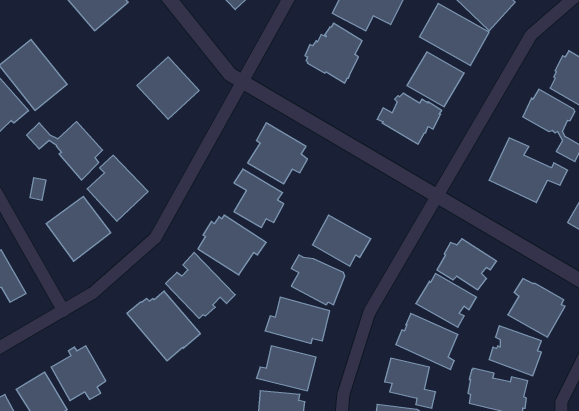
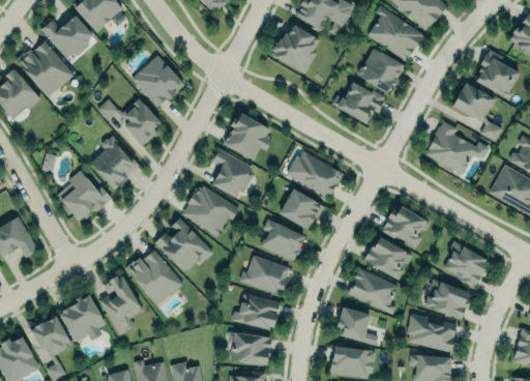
building: none -> [37,13,89,60]
building: [27,122,103,180] -> [97,96,160,145]
building: none -> [286,150,343,197]
building: none -> [99,274,143,335]

